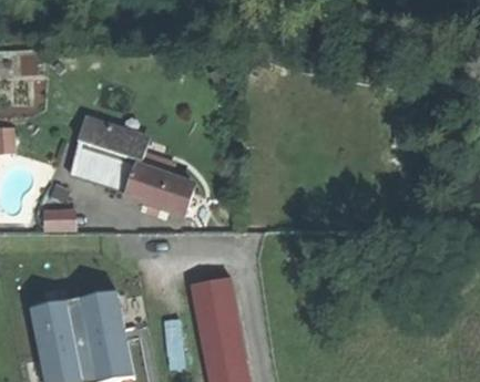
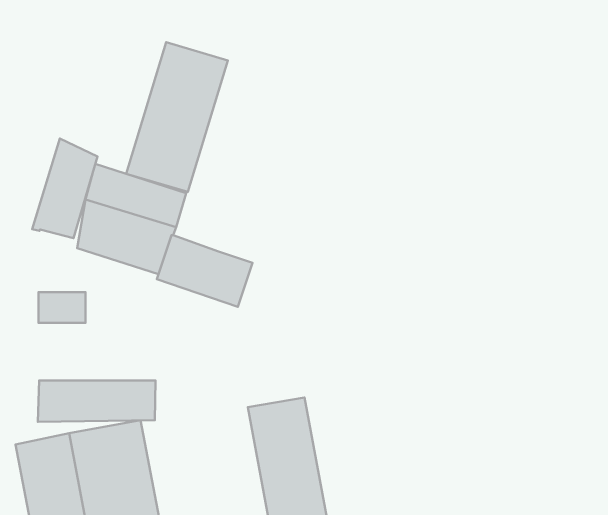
building: none -> [126,42,228,192]
building: none -> [32,138,97,238]
building: none -> [38,380,156,422]

